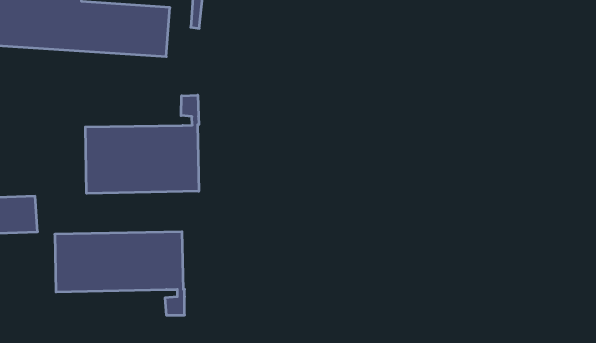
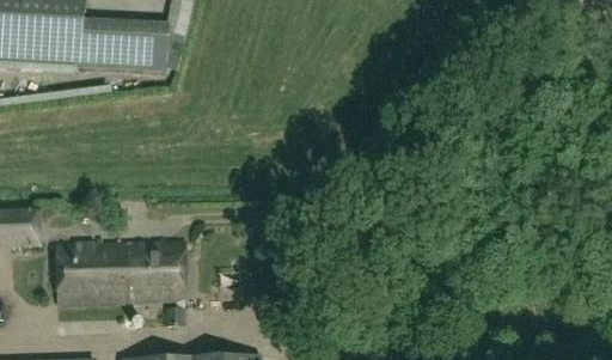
building: [85,95,199,193] -> none

